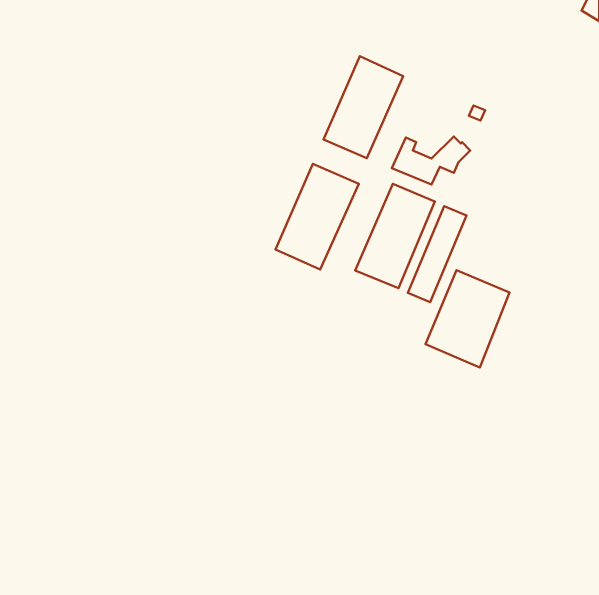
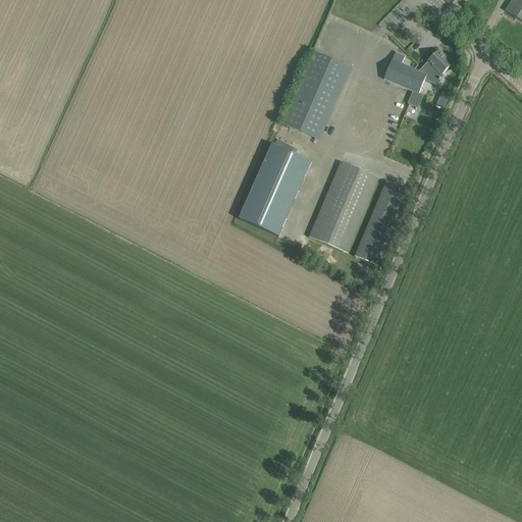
building: [392,136,470,184] -> [383,50,452,92]
building: [426,270,510,367] -> none

